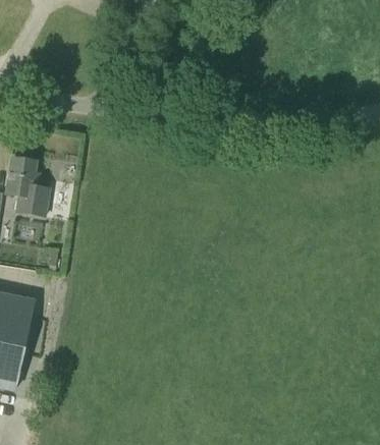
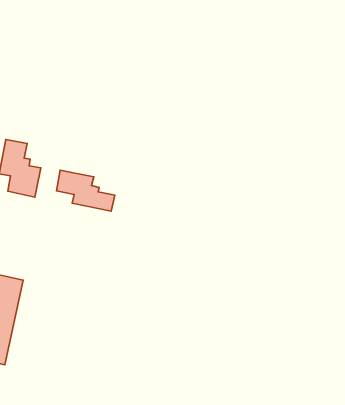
building: none -> [57,170,115,211]

